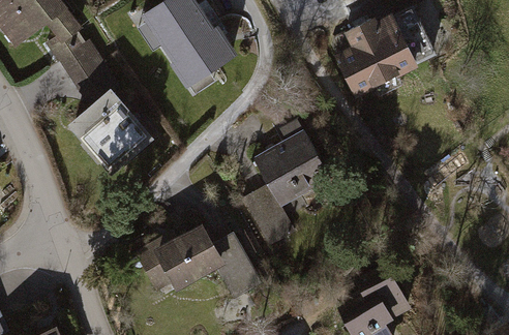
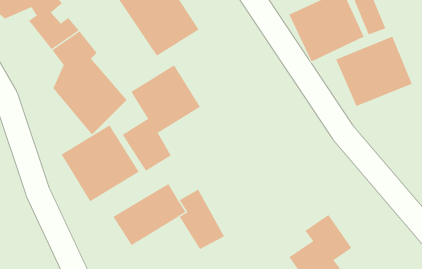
building: none -> [336,36,412,107]
building: [239,122,326,240] -> [122,64,201,171]
building: none -> [61,125,139,202]

